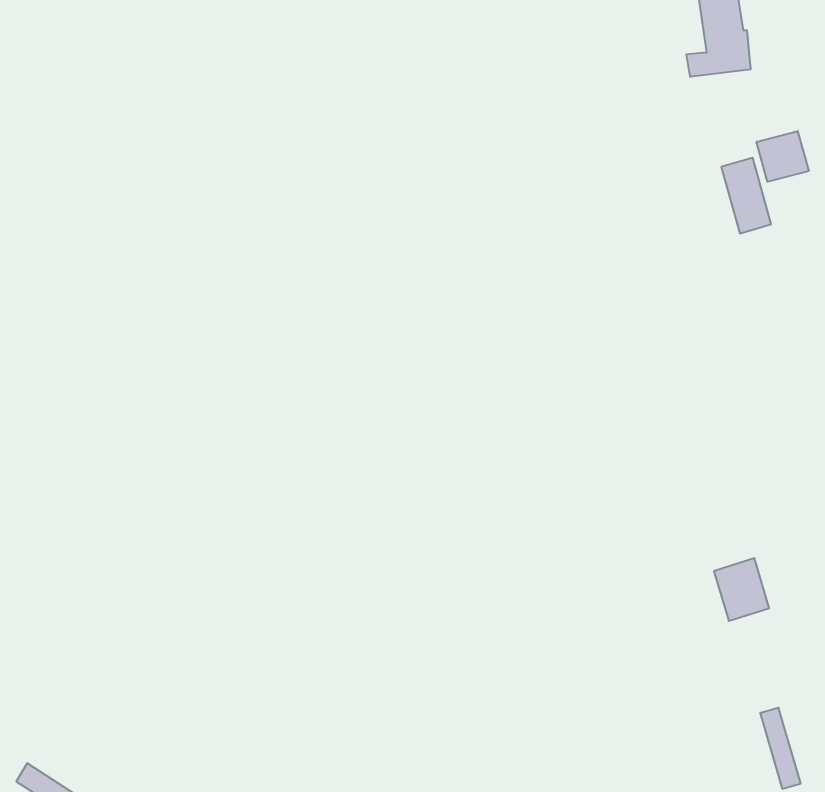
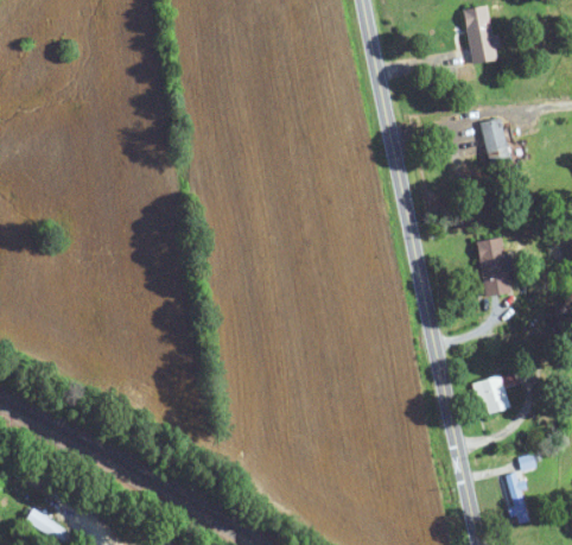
building: [757,131,809,182] -> none
building: none -> [478,237,510,294]

